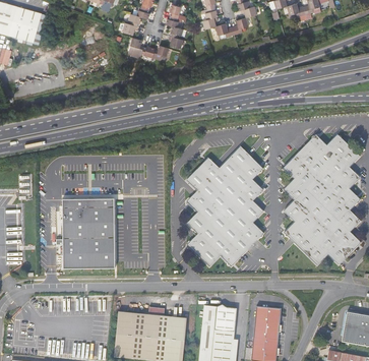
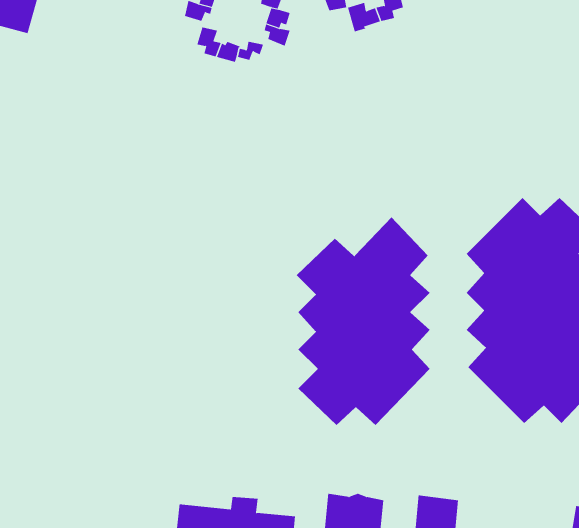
building: [59,195,113,263] -> none

